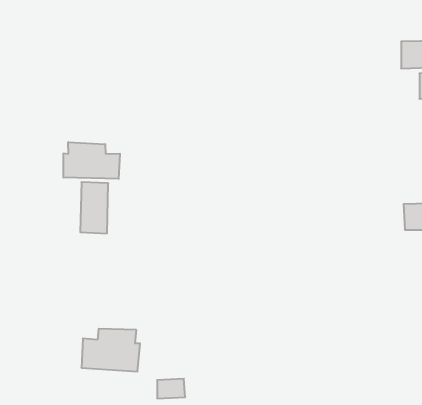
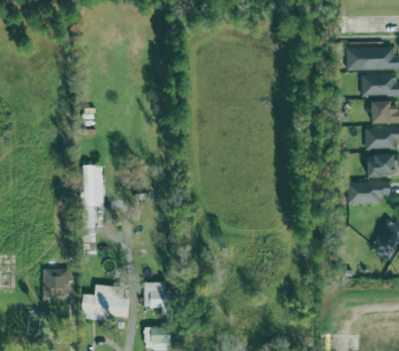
building: [64,142,120,179] -> none
building: none -> [42,268,70,304]
building: none -> [144,282,165,308]

